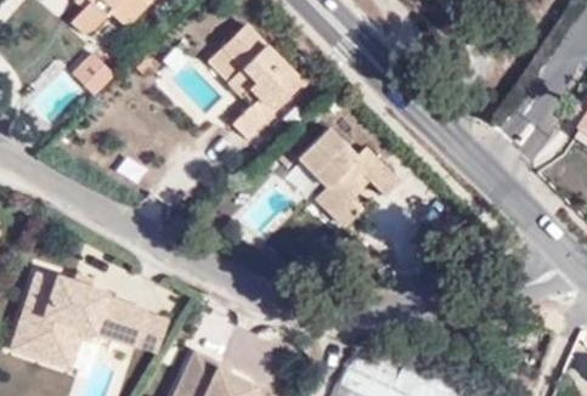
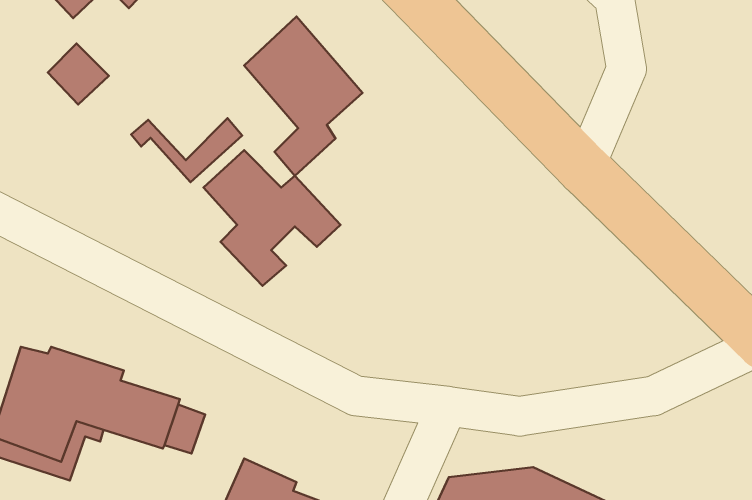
building: none -> [131,118,242,182]
building: [293,135,391,232] -> [203,150,340,286]

